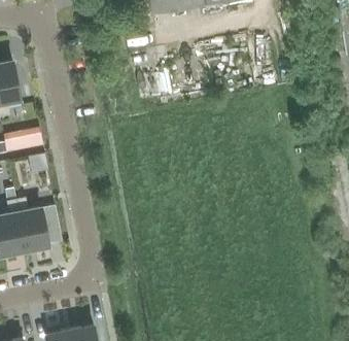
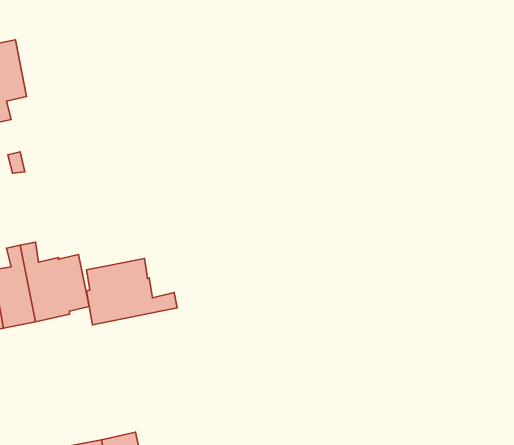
building: none -> [86,259,177,325]

